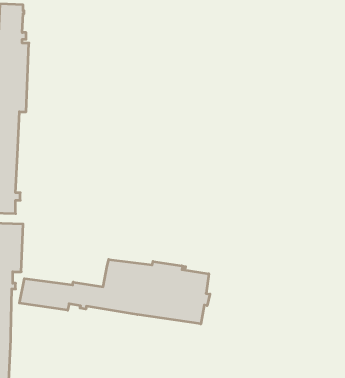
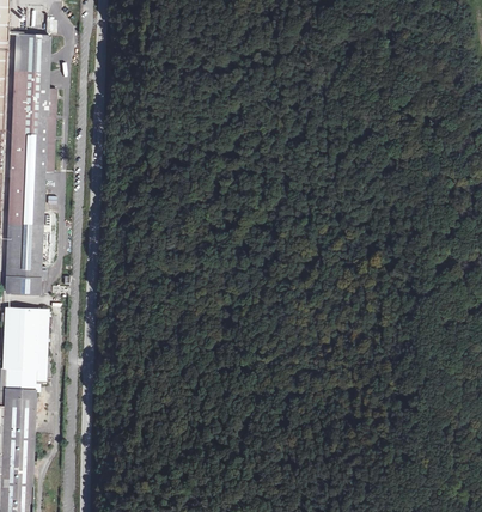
building: [19,259,210,324] -> none

